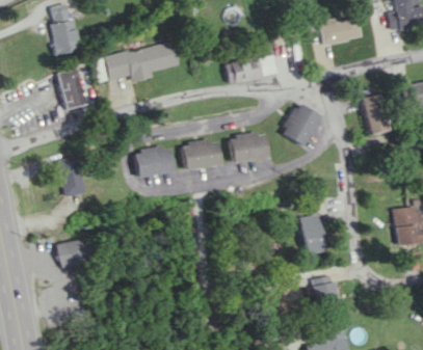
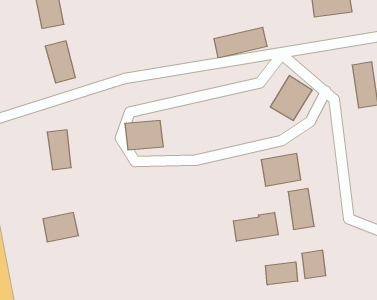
building: [104,41,178,82] -> none
building: [230,131,269,163] -> [261,154,301,186]
building: [183,140,221,169] -> none
building: none -> [234,212,278,241]
building: none -> [265,262,298,285]

